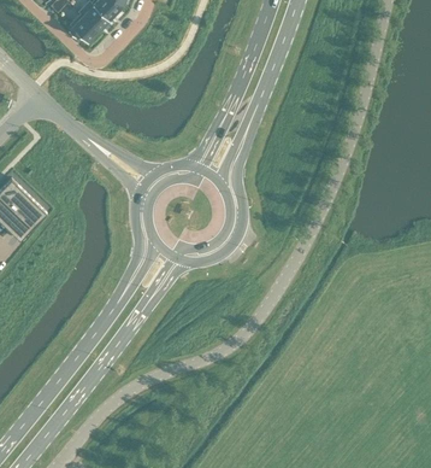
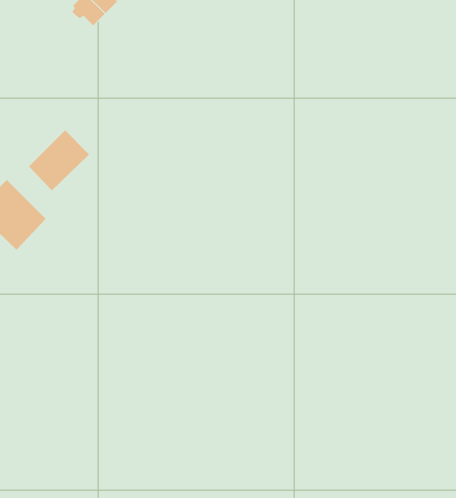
building: none -> [28,130,90,191]

